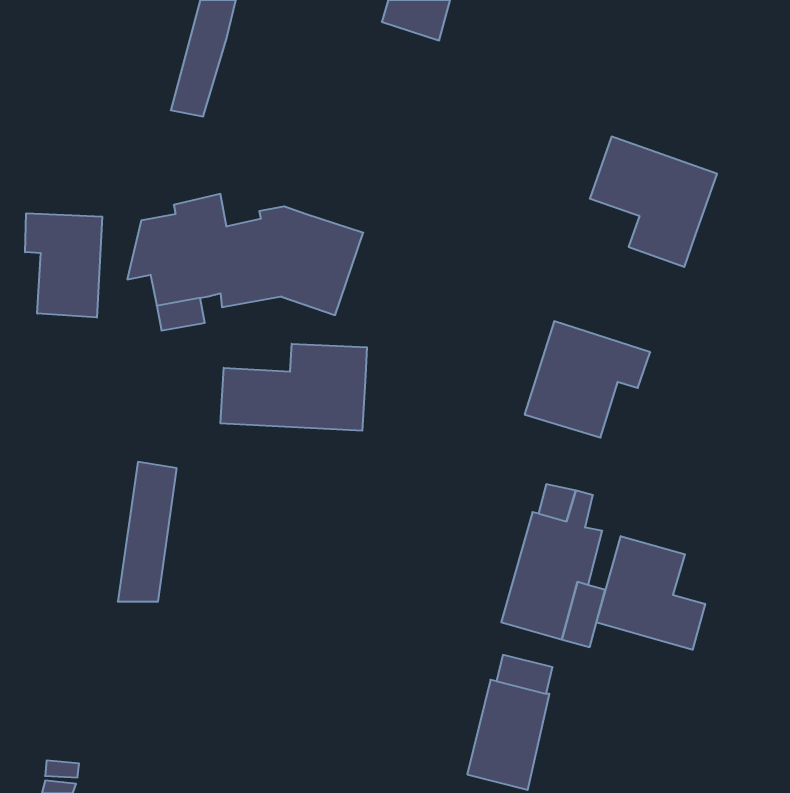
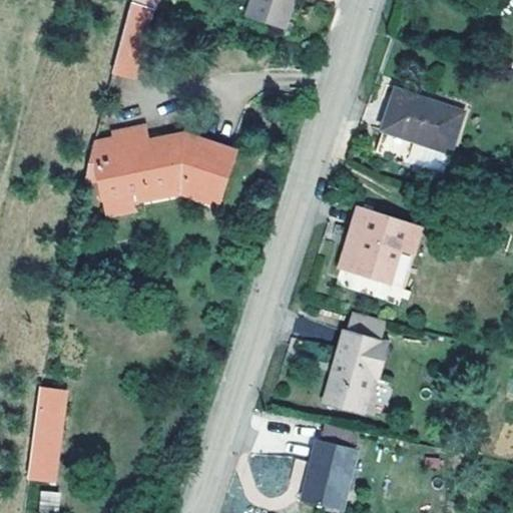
building: [25,213,102,318] -> none
building: [221,344,367,431] -> none
building: [118,462,177,602] -> [27,388,65,478]
building: [596,536,705,650] -> none

